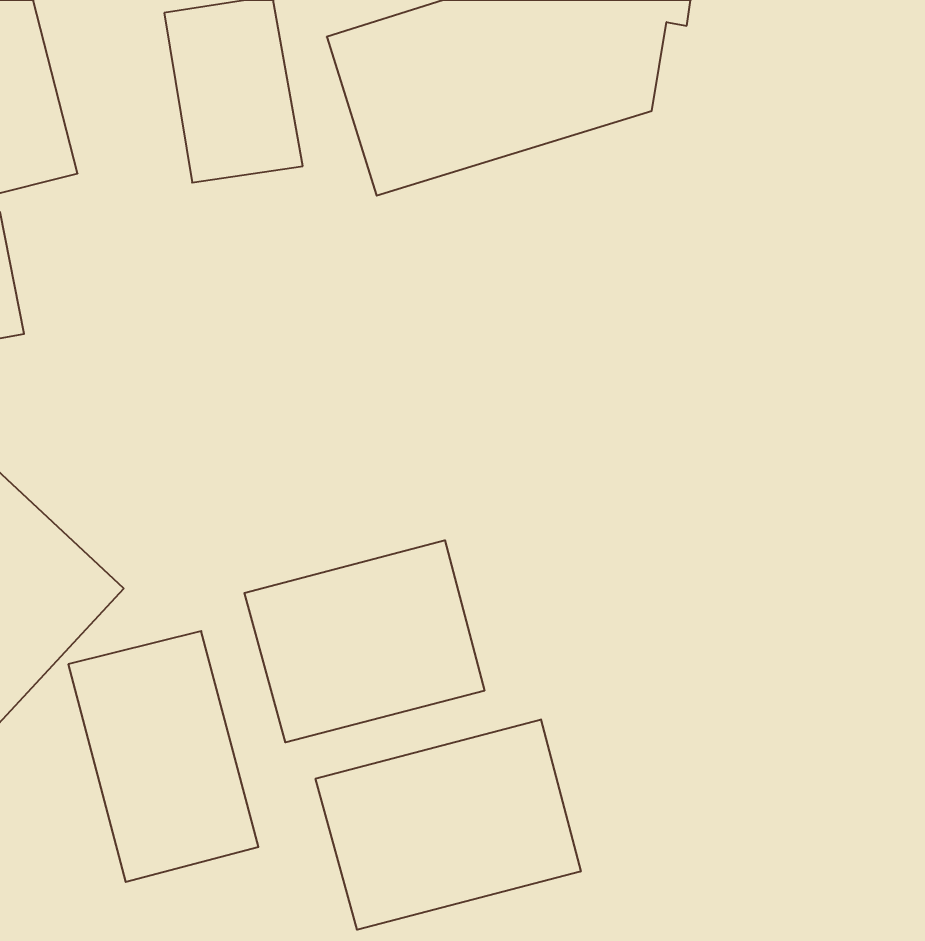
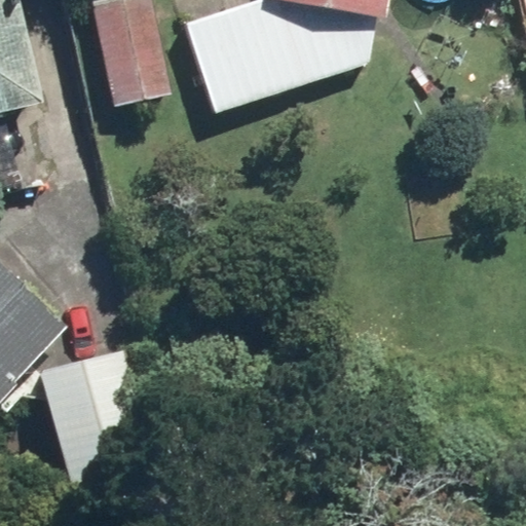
building: [244,540,484,742] -> none
building: [316,719,581,930] -> none

